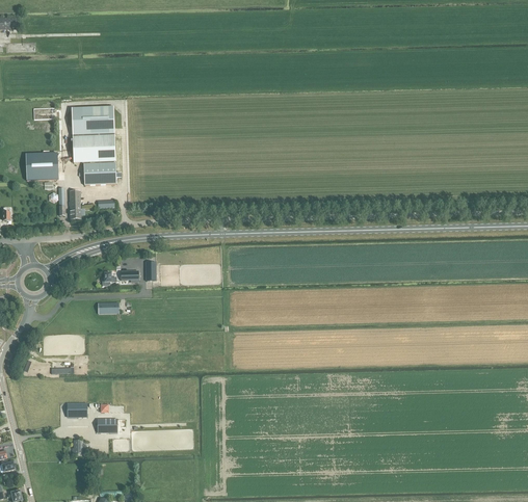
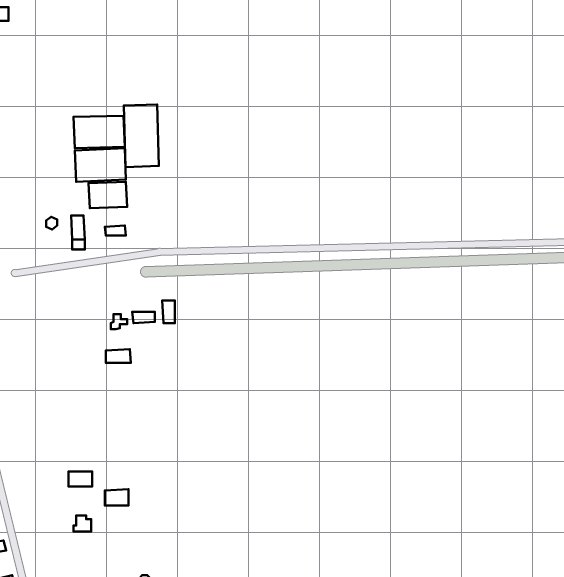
building: none -> [124,104,159,167]
building: [25,152,57,180] -> none

